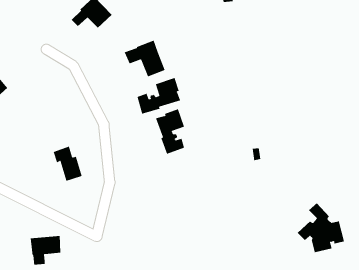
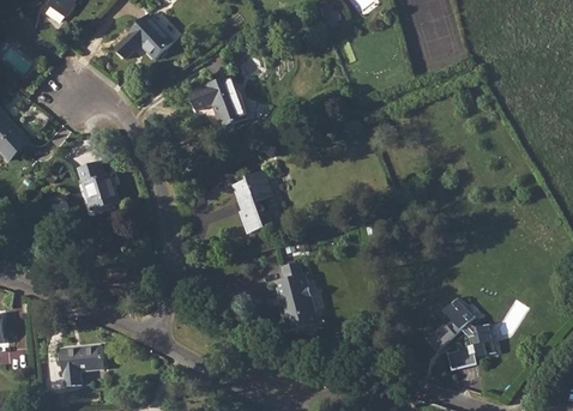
building: [137,77,181,115] -> none
building: [53,146,83,181] -> [78,159,119,208]
building: none -> [275,262,319,331]

